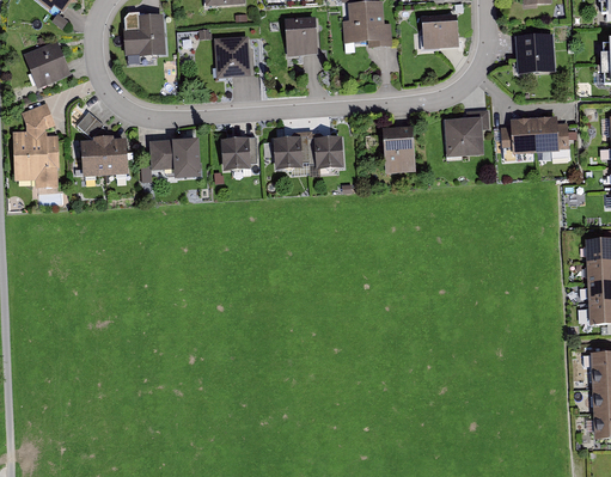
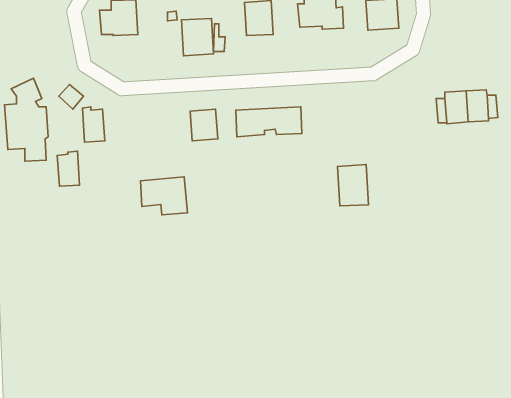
building: [515,32,560,74] -> none
building: [22,38,68,87] -> none
building: [445,114,488,159] -> none
building: [385,127,420,173] -> [338,164,368,206]
building: [79,136,104,176] -> [57,151,80,186]
building: [153,137,206,181] -> [141,177,188,215]

